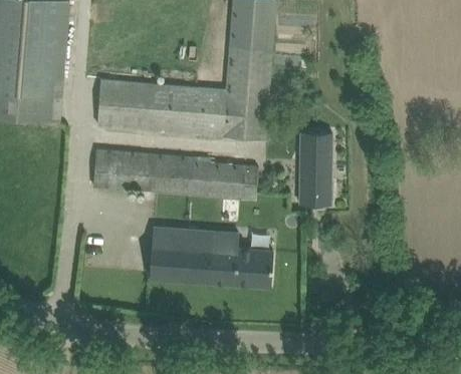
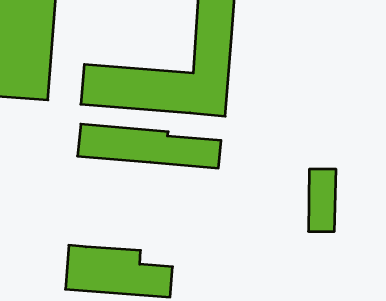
building: [300,132,332,205] -> [308,169,336,231]
building: [149,227,273,287] -> [65,245,173,297]

